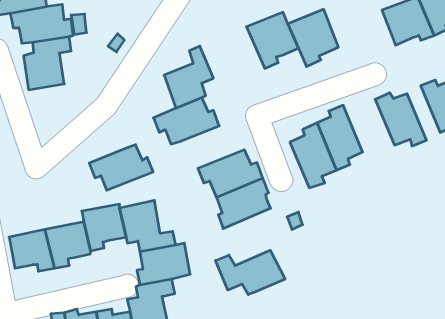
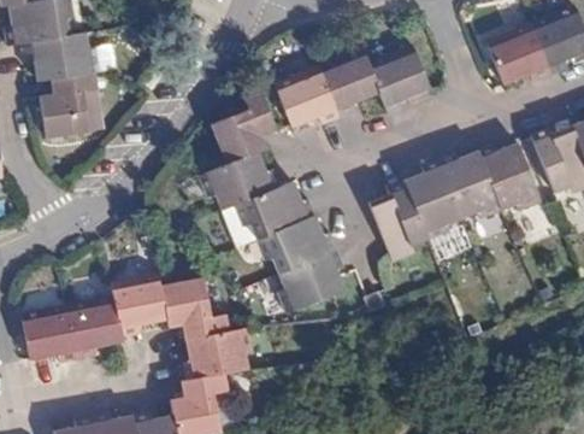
building: none -> [275,60,340,123]
building: none -> [437,149,501,216]
building: [89,145,153,190] -> [235,180,314,236]
building: [216,250,285,295] -> none

